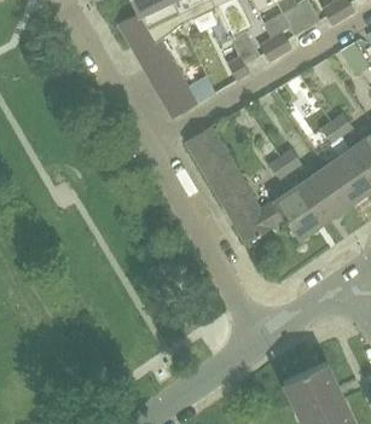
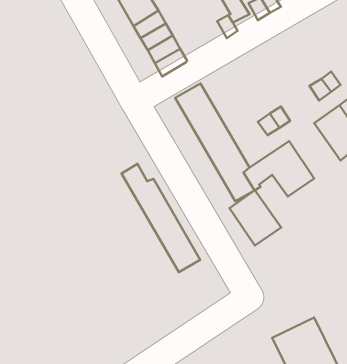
building: [300,165,352,221] -> [230,190,281,245]
building: none -> [121,164,200,272]

